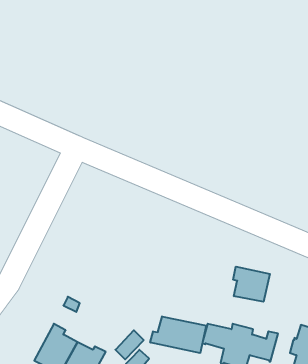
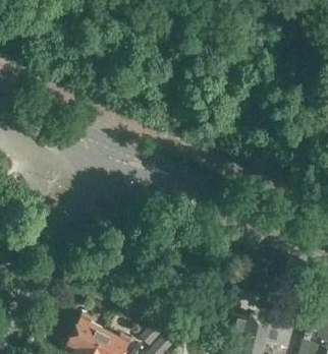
building: [233,267,270,302] -> none
building: [150,316,206,353] -> none

